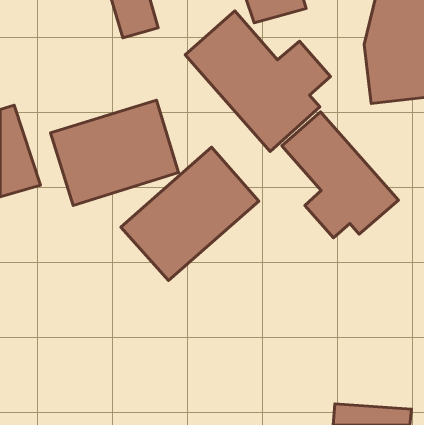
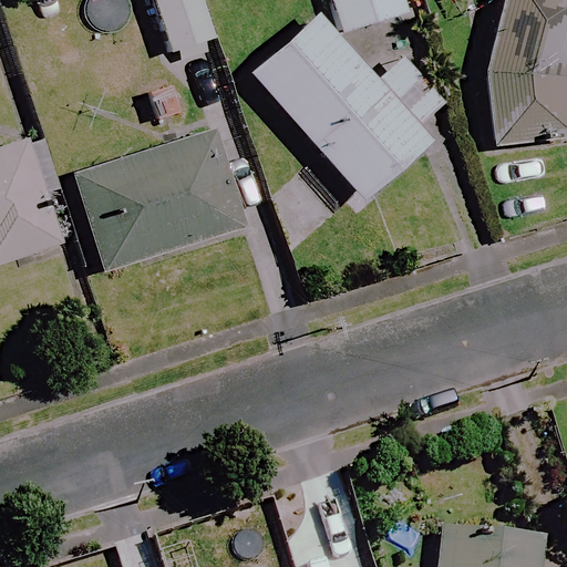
building: [282,112,399,238] -> none
building: [121,147,259,281] -> none

